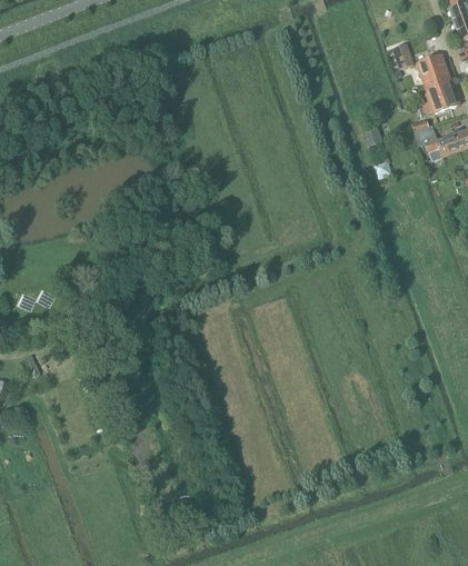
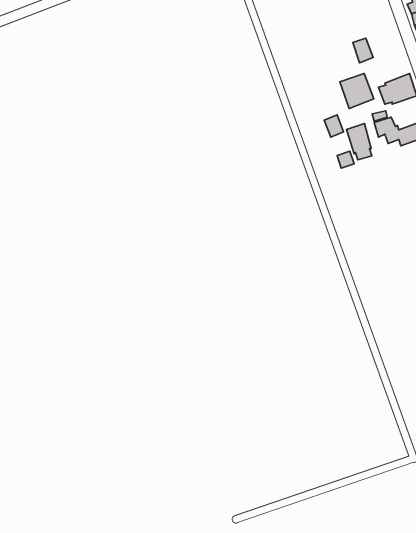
building: [415,52,450,89] -> [340,73,374,109]
building: none -> [346,123,372,160]

